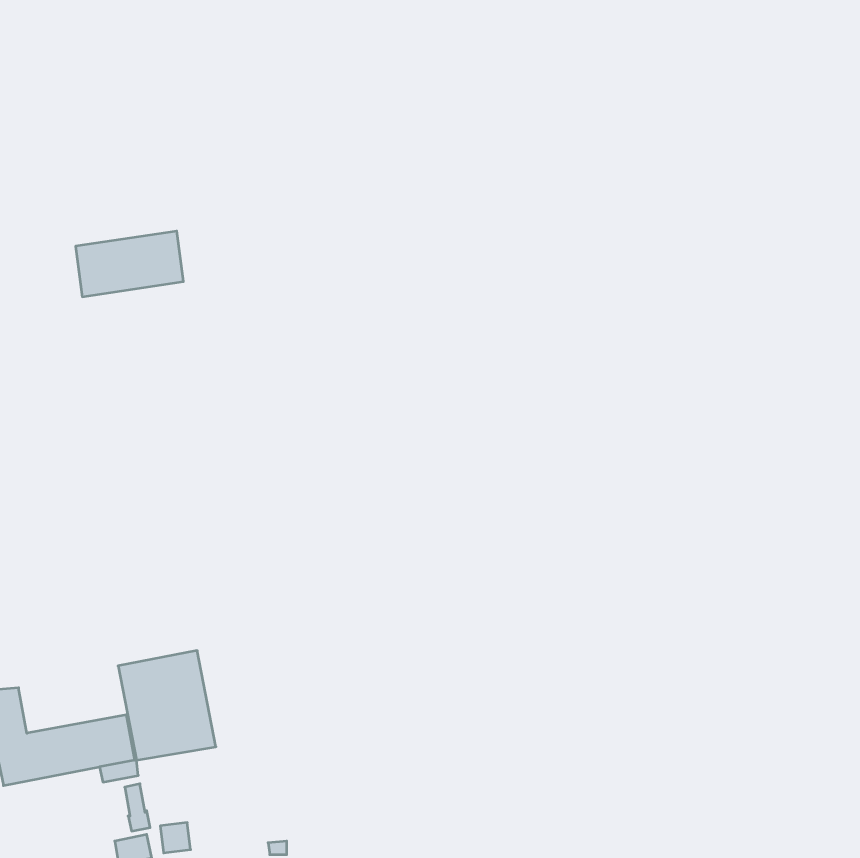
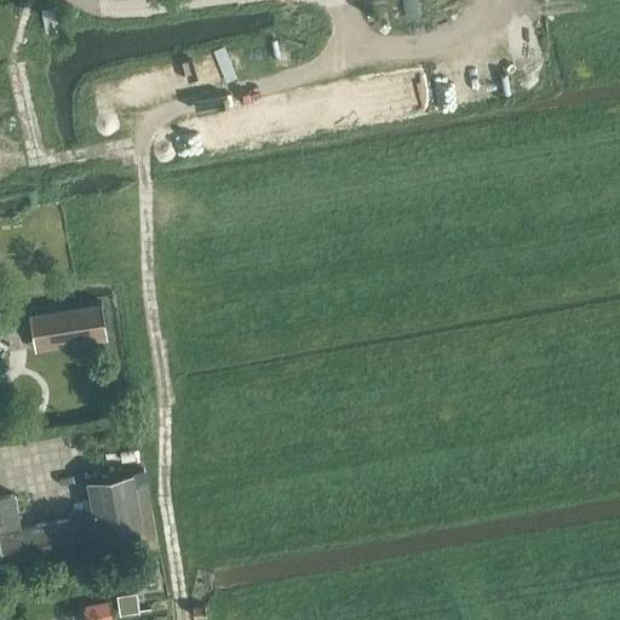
building: [76,231,183,297] -> [28,306,105,354]

